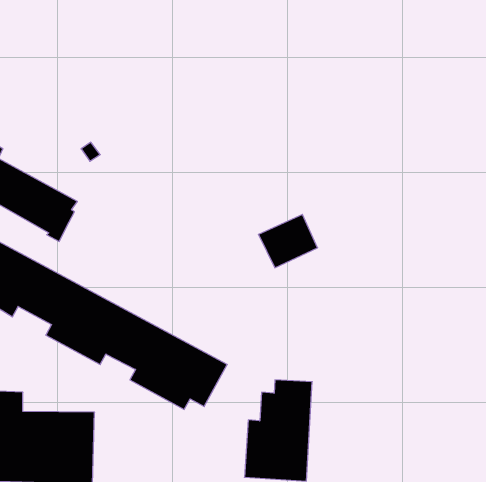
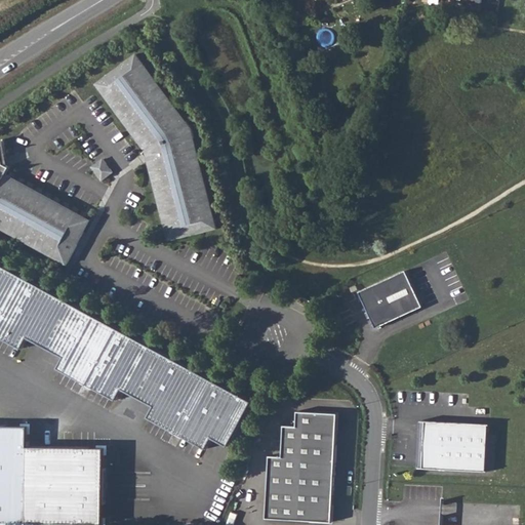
building: none -> [94,54,214,242]
building: [258,214,318,268] -> [357,276,420,333]
building: none -> [416,425,487,476]

